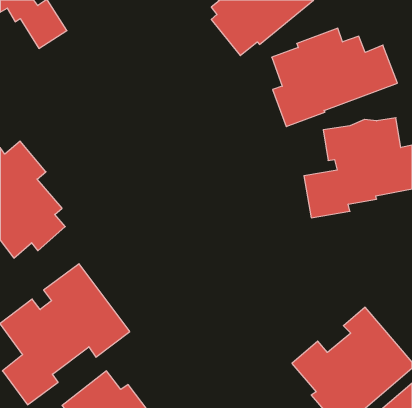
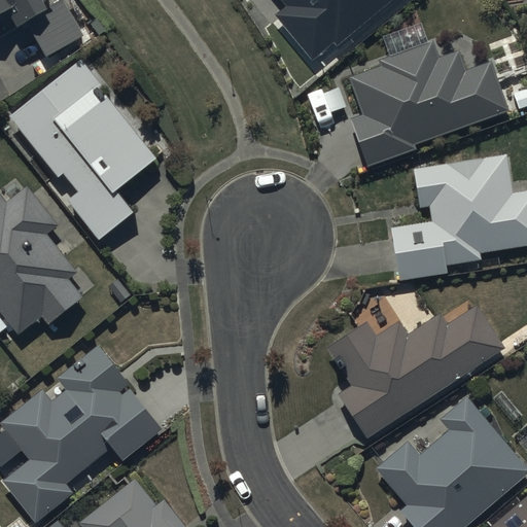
building: none -> [9,59,157,240]
building: none -> [325,305,504,440]

